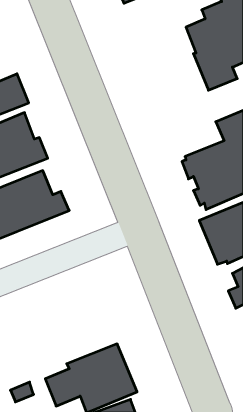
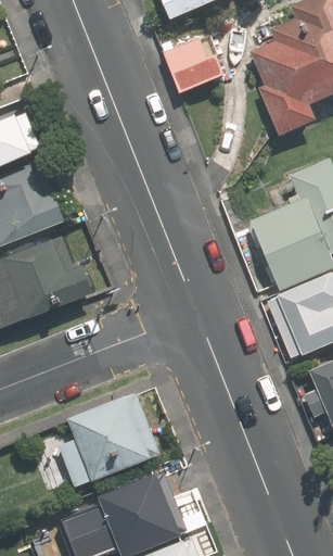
building: none -> [164,36,222,88]
building: none -> [60,394,162,489]

